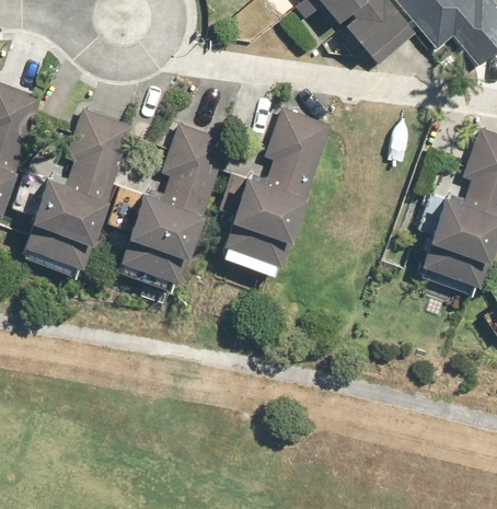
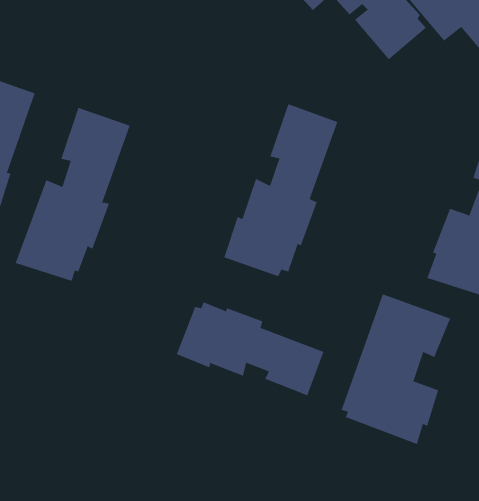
building: [119,122,229,289] -> none
building: none -> [341,293,451,445]
building: none -> [176,302,324,396]

